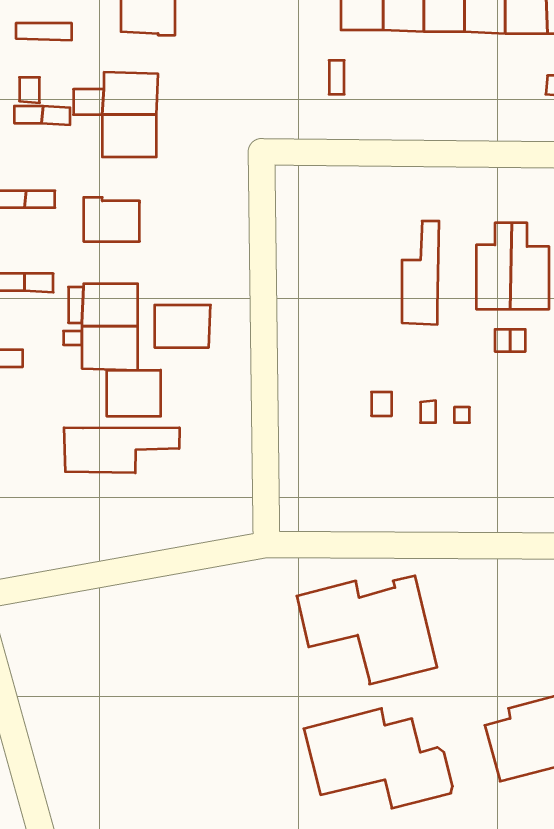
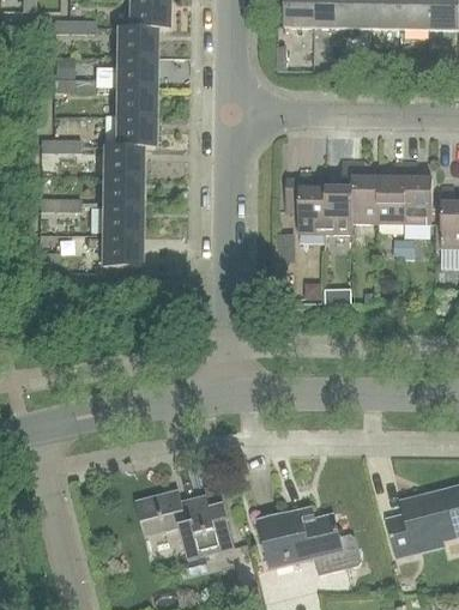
building: none -> [116,26,155,58]
building: none -> [115,116,153,149]
building: none -> [352,162,380,224]
building: none -> [286,173,327,234]
building: [155,305,211,347] -> [102,176,141,206]
building: [107,370,161,416] -> none
building: [64,428,179,473] -> none
building: [297,576,437,684] -> [137,485,236,562]

